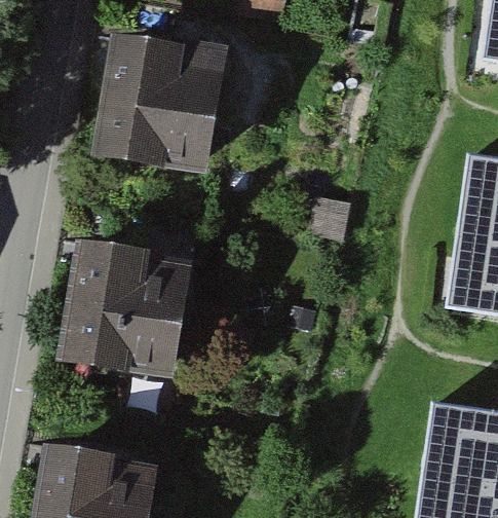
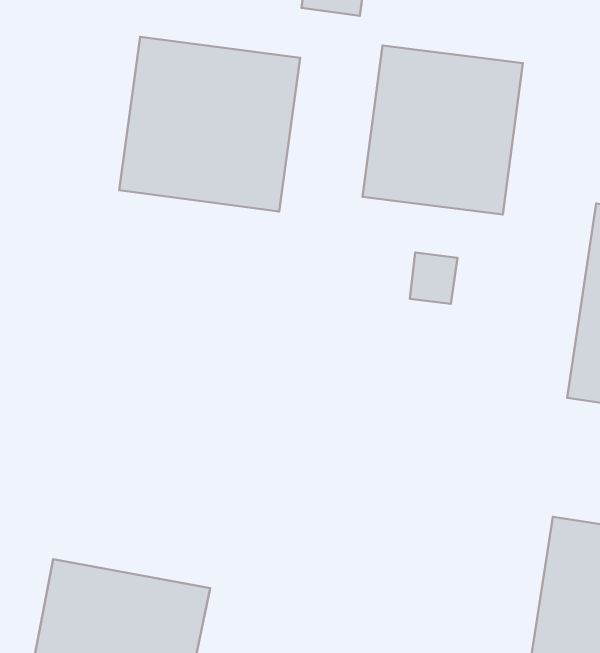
building: none -> [362,45,523,214]
building: [52,239,197,377] -> none

